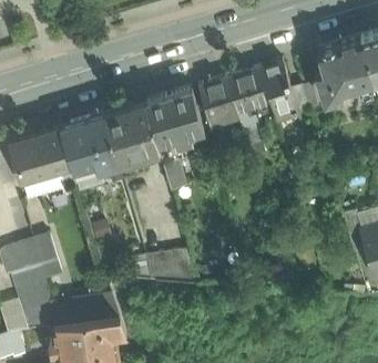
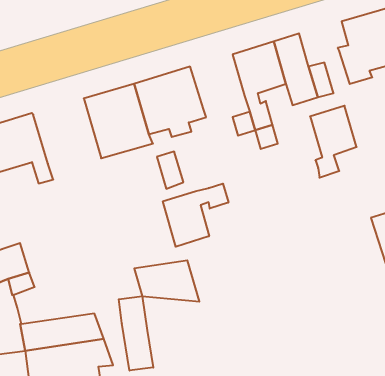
building: [197,79,236,138] -> [310,106,357,178]
building: [60,115,116,170] -> none
building: none -> [163,184,228,247]
building: none -> [119,296,153,371]

